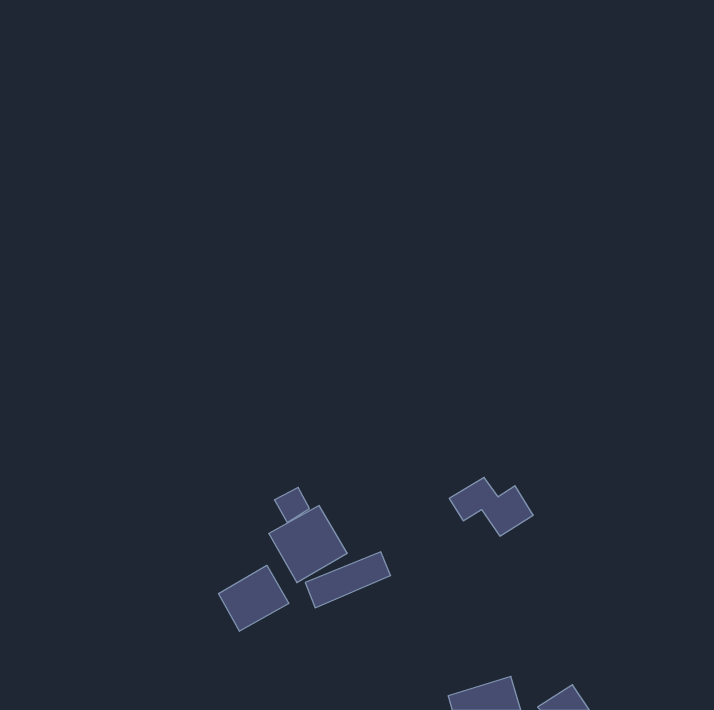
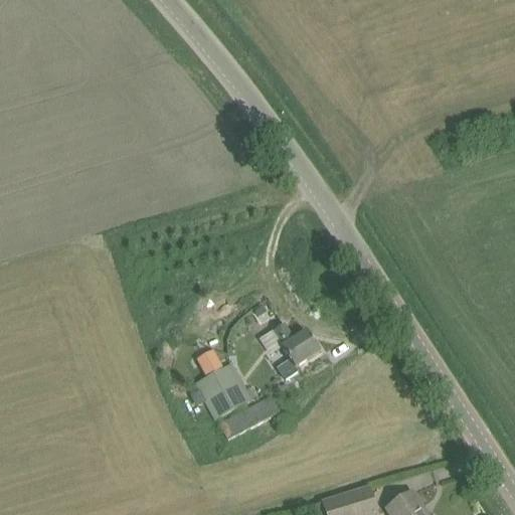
building: [449,477,533,536] -> [260,324,320,366]
building: [219,565,289,631] -> none

